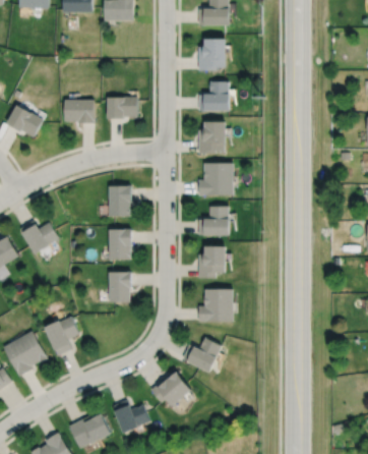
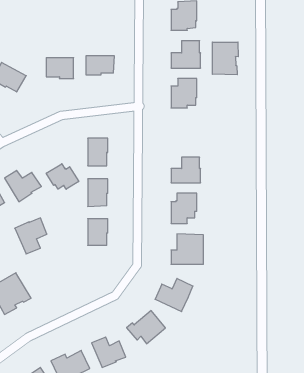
building: none -> [212,42,238,75]
building: [198,163,234,195] -> none
building: none -> [46,164,79,189]
building: [45,317,79,355] -> [15,218,47,254]

